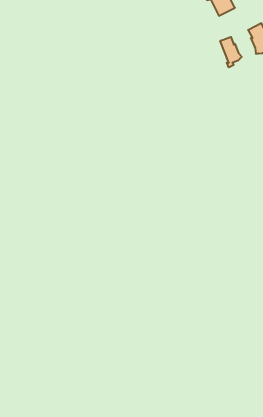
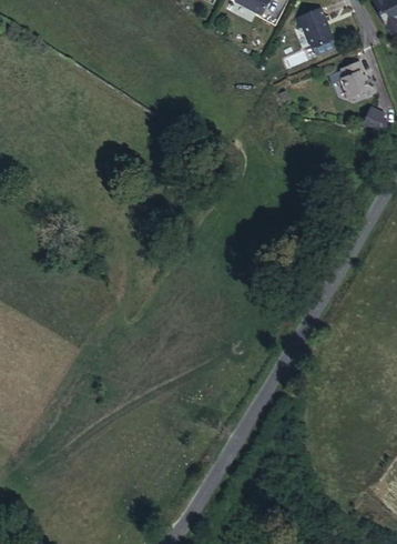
building: [220,37,242,67] -> none

